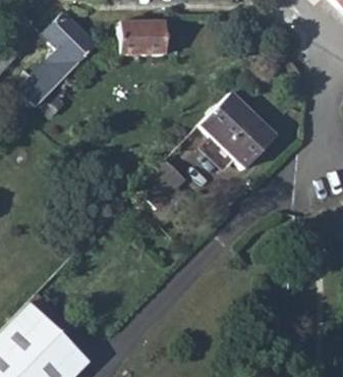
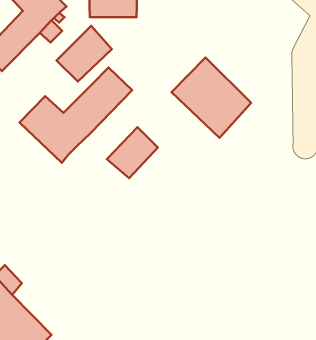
building: none -> [56,26,112,82]
building: none -> [20,67,132,163]

